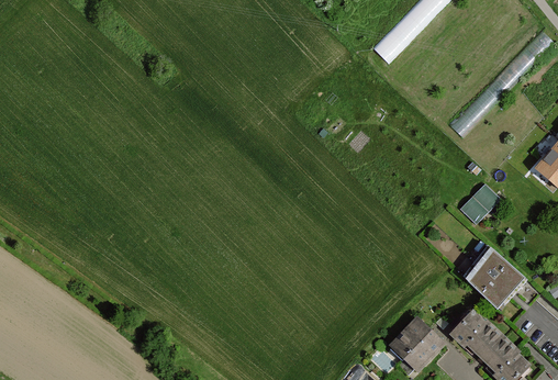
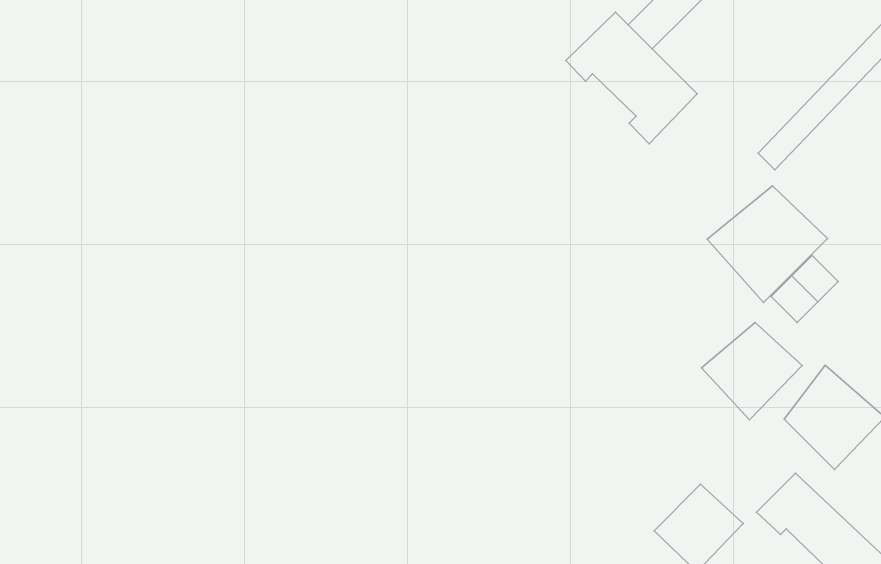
building: none -> [566,12,697,144]
building: none -> [707,186,827,302]
building: none -> [701,322,802,420]

